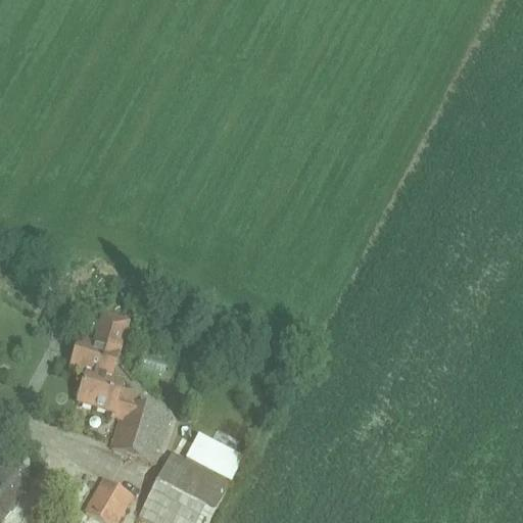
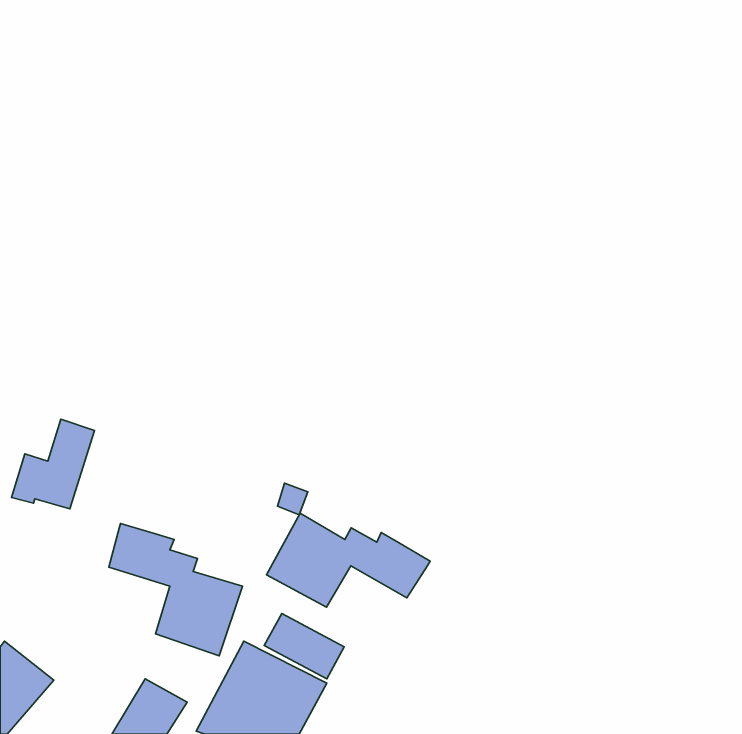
building: [68,313,127,376] -> [12,419,94,509]
building: none -> [266,513,430,607]

